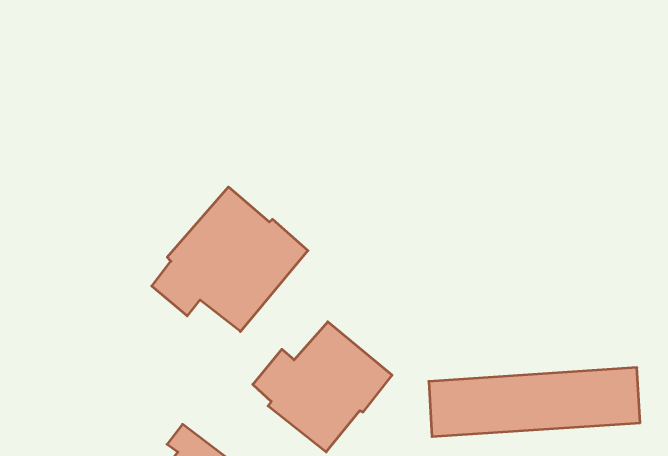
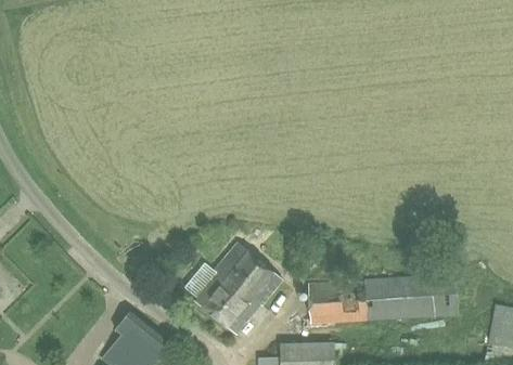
building: [152,187,308,332] -> none

